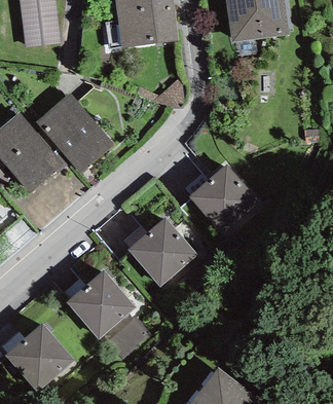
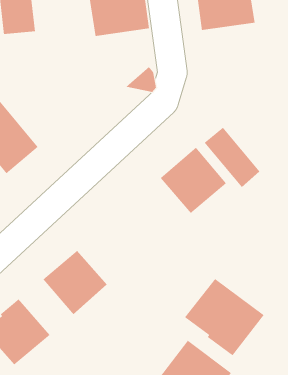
building: [36,93,112,171] -> none
building: none -> [204,127,260,188]
building: [127,217,195,285] -> none
building: none -> [184,278,264,356]

